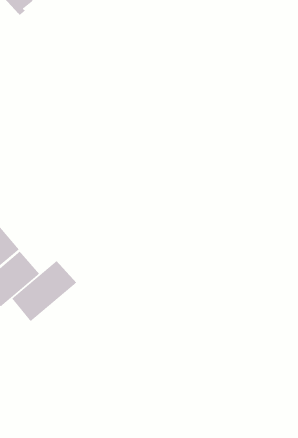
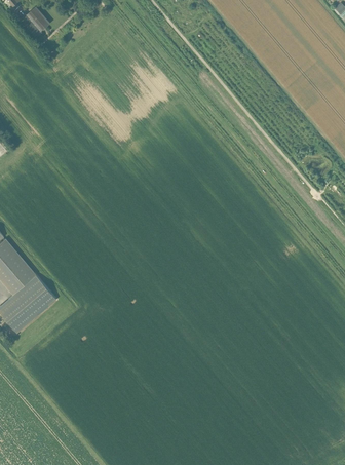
building: [11,260,77,322] -> none

